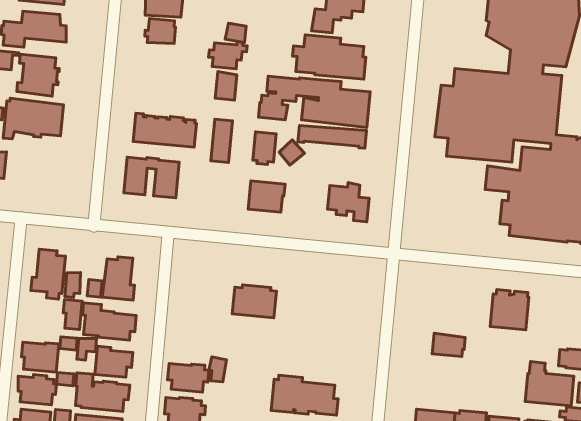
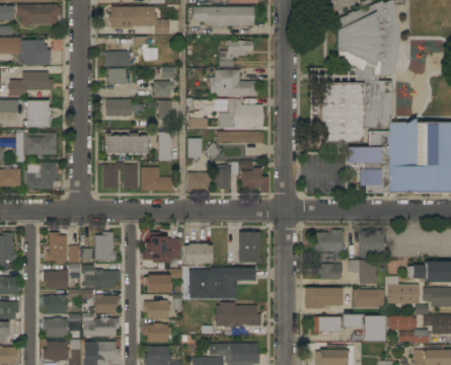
building: none -> [105,99,137,117]
building: none -> [23,162,57,192]
building: none -> [141,167,172,191]
building: none -> [213,162,238,190]
building: none -> [143,231,179,267]
building: none -> [238,232,261,264]
building: none -> [314,230,342,252]
building: none -> [43,270,67,289]
building: none -> [189,268,255,299]
building: none -> [144,275,170,293]
building: none -> [349,260,377,284]
building: none -> [304,288,342,308]
building: none -> [353,289,384,307]

